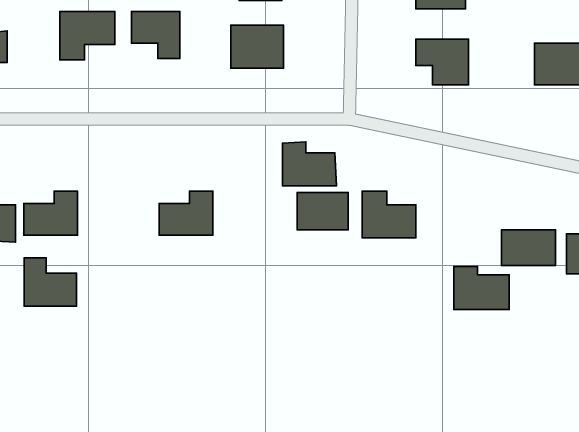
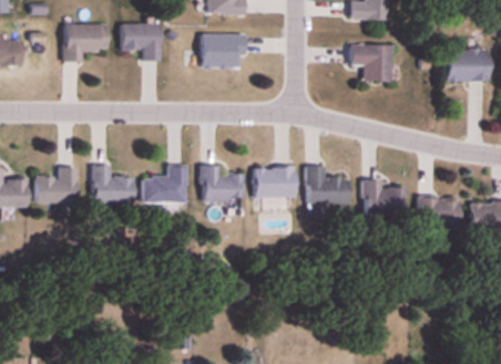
building: [283,142,336,186] -> [202,165,245,200]
building: [24,258,77,306] -> [93,164,135,202]
building: [454,267,509,309] -> [364,179,408,214]

